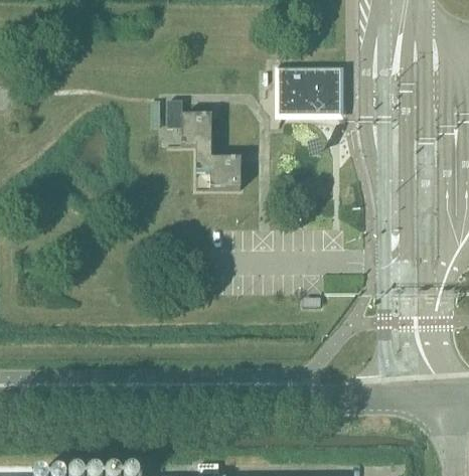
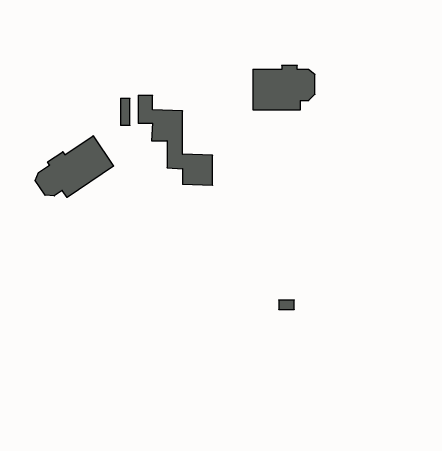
building: none -> [35,136,114,197]

